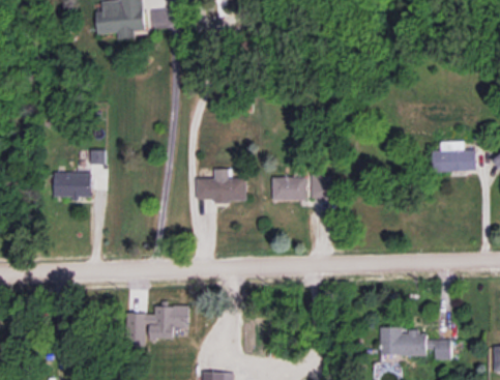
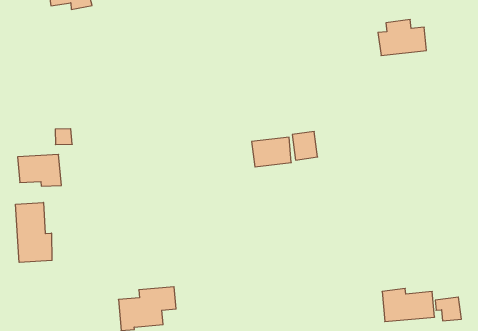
building: [432,141,475,172] -> [378,20,426,56]
building: [196,169,246,202] -> none
building: none -> [16,202,52,262]

